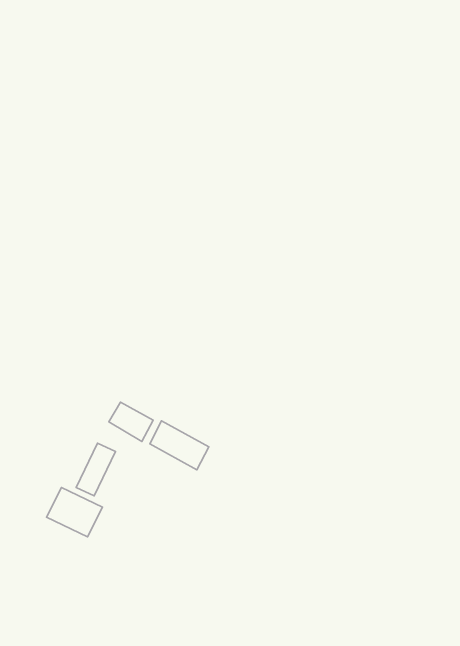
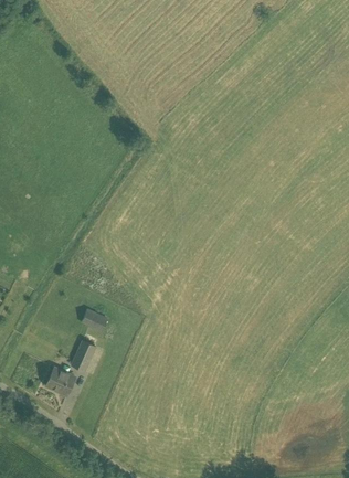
building: [150,421,209,470] -> none

